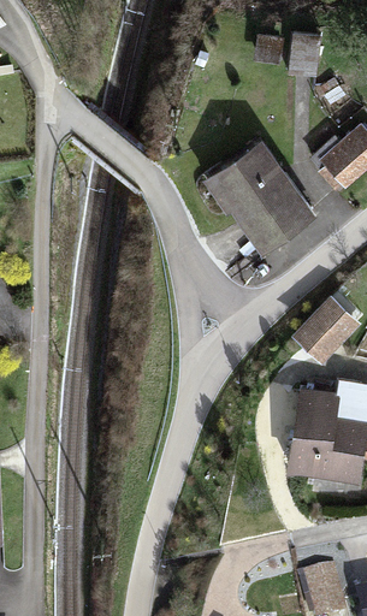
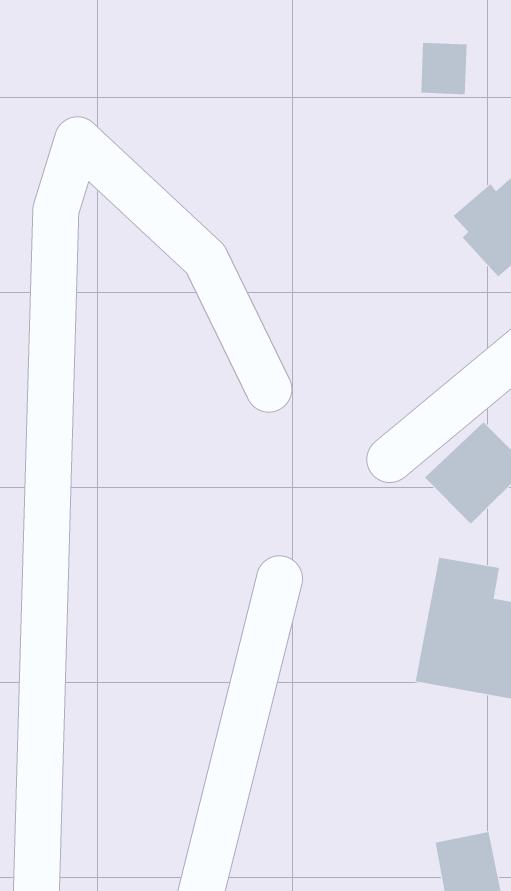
building: [203,137,314,251] -> none

